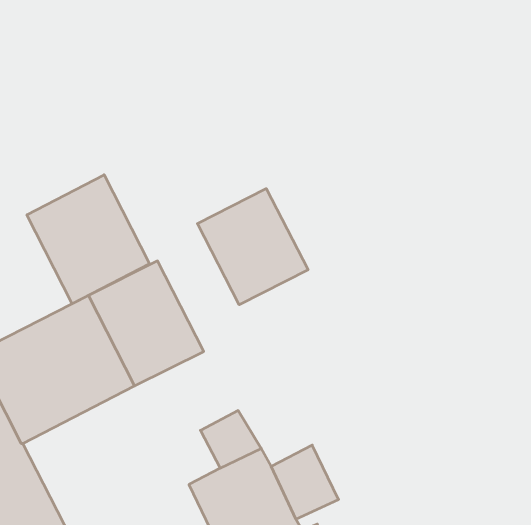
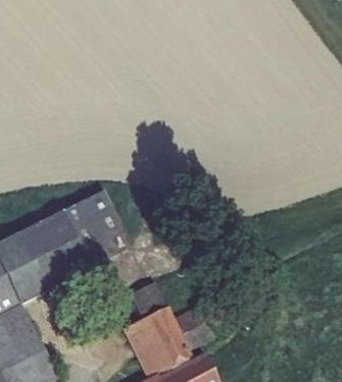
building: [27,175,149,304] -> none
building: [197,189,308,305] -> none

